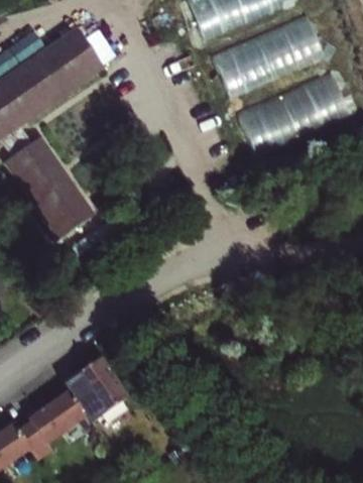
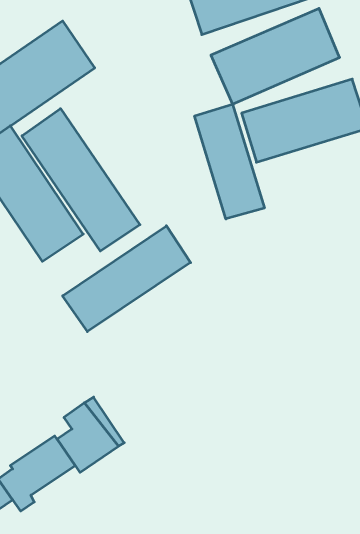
building: none -> [195,104,264,219]
building: none -> [22,109,140,251]
building: none -> [63,226,191,332]

